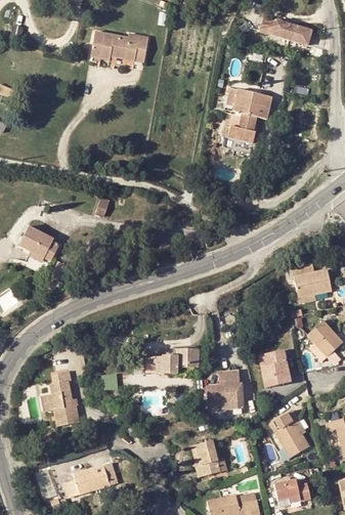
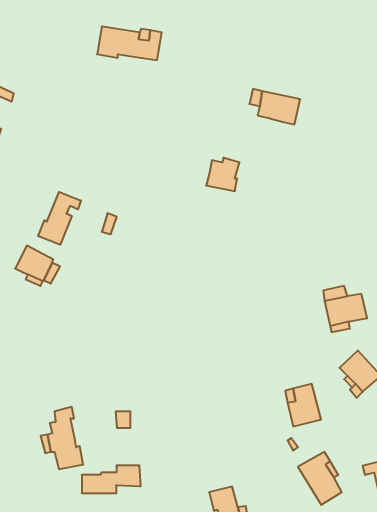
building: [259,16,321,50] -> none
building: [227,113,257,142] -> [206,158,240,191]
building: none -> [38,192,81,245]
building: [145,348,198,373] -> [82,466,141,493]
building: [207,370,243,409] -> none

